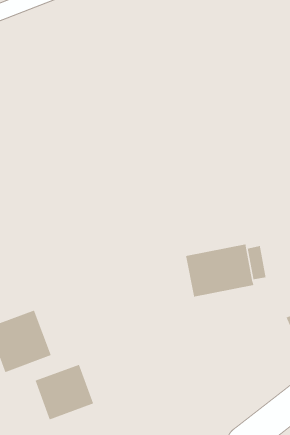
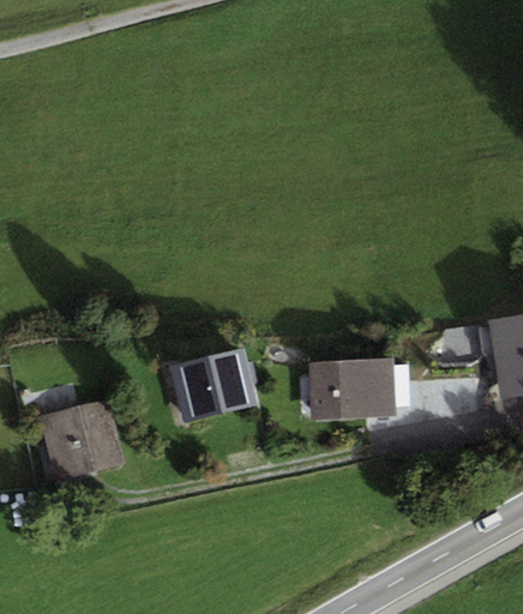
building: none -> [170,349,259,422]
building: [34,364,94,420] -> none

